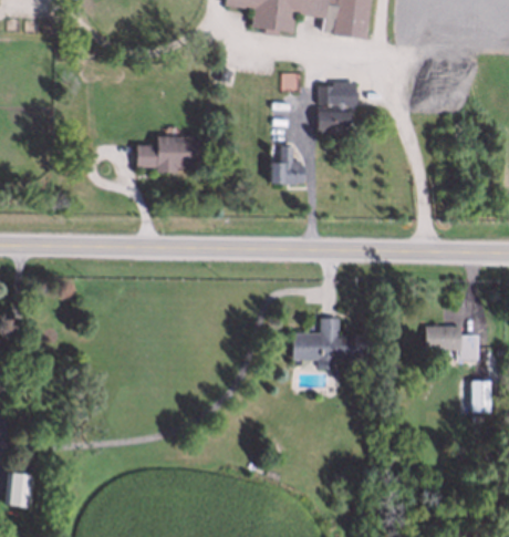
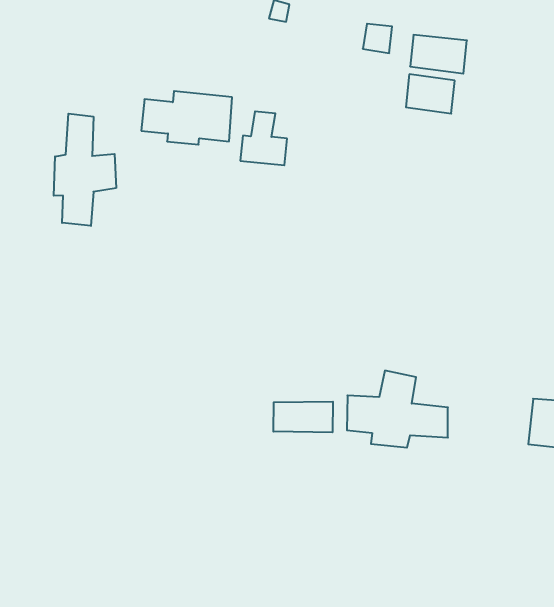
building: [272,145,303,180] -> [240,111,287,165]
building: none -> [54,114,116,226]
building: none -> [273,402,333,432]

